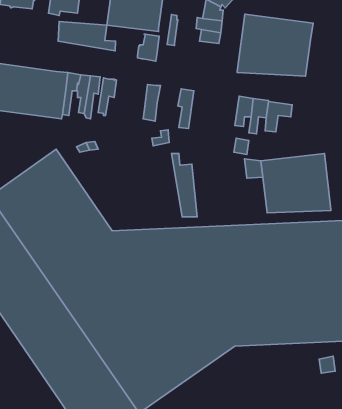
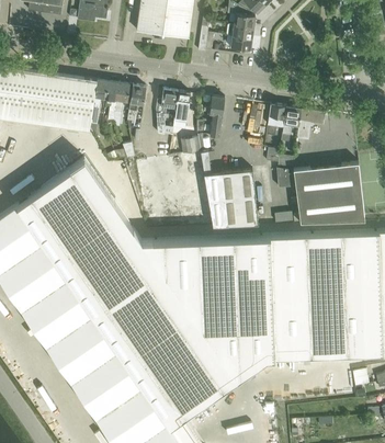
building: [237,14,313,76] -> none
building: [58,22,116,51] -> none
building: [138,34,159,61] -> [156,90,178,117]
building: none -> [223,170,256,227]

